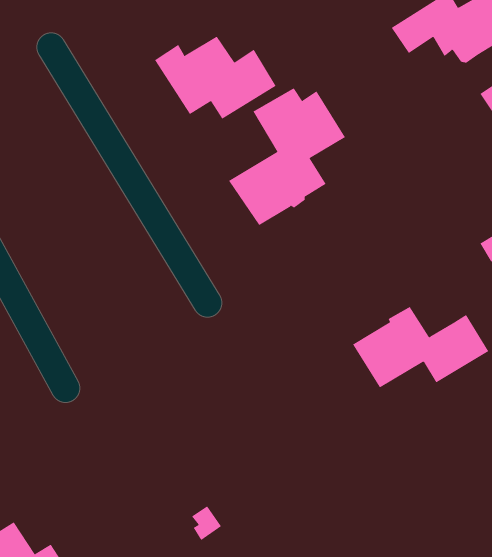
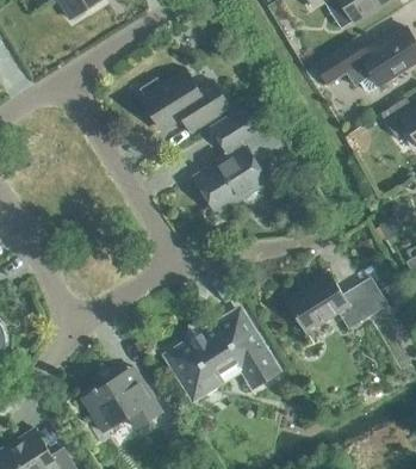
building: none -> [166,309,280,397]
building: none -> [82,368,162,432]

